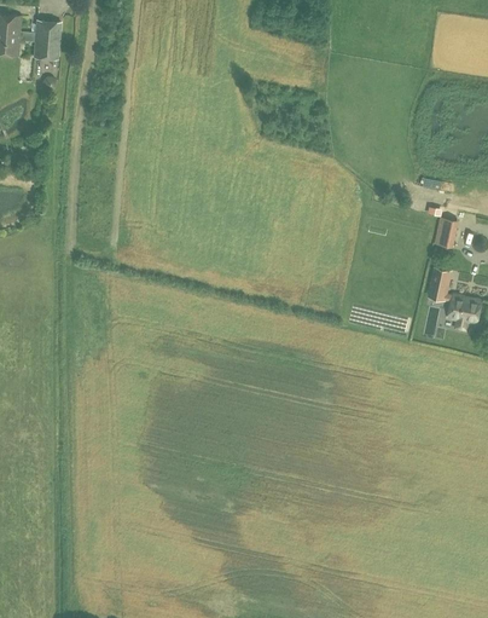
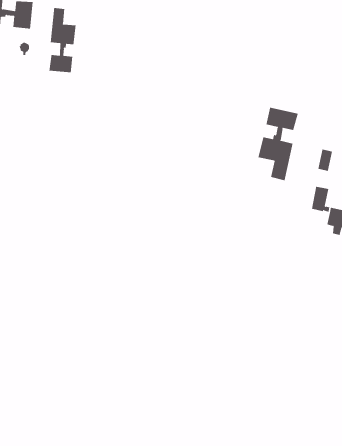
building: none -> [49,7,76,73]
building: none -> [258,107,298,181]

